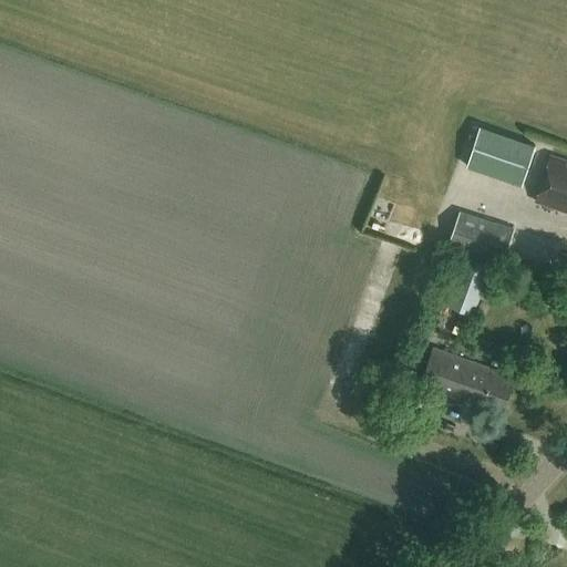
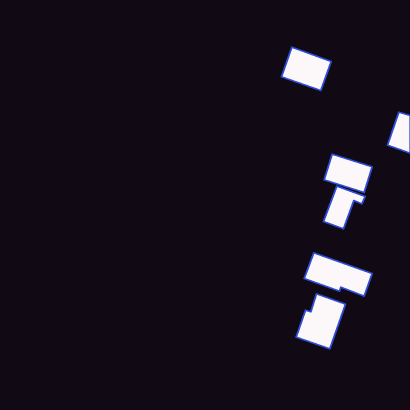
building: [467,126,536,186] -> [281,47,331,91]
building: none -> [296,294,346,349]

